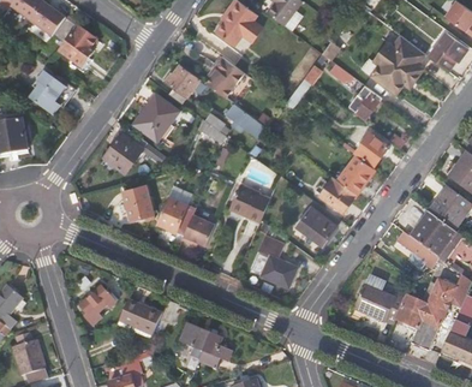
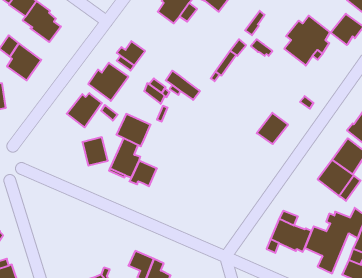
building: [205,55,245,97] -> none
building: [348,84,387,118] -> none
building: [354,130,390,166] -> none
building: [318,175,356,212] -> none
building: [228,183,270,222] -> [116,114,151,146]
building: [295,190,341,245] -> none
building: [395,231,440,269] -> none
building: [257,233,298,287] -> none
building: [79,286,115,327] -> none
building: [118,299,161,338] -> none

